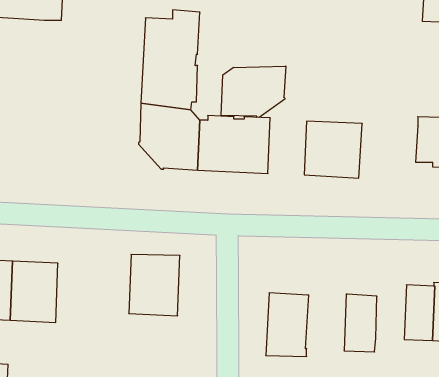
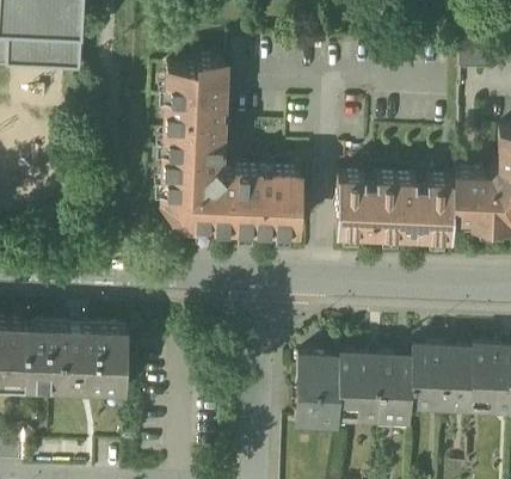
building: [221,66,286,117] -> none
building: none -> [394,176,456,235]
building: [129,254,180,316] -> [75,323,129,387]
building: none -> [412,344,444,403]
building: none -> [338,352,382,414]

